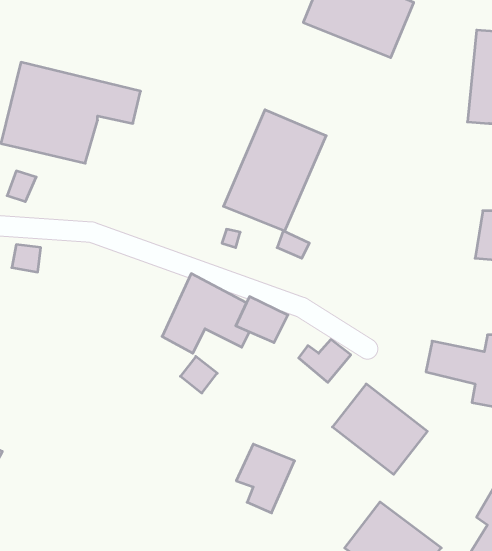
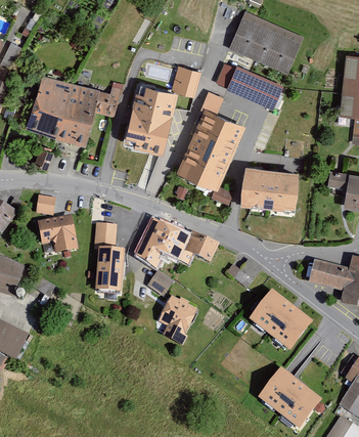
building: none -> [226,63,282,106]
building: none -> [123,65,200,150]
building: none -> [241,168,299,212]
building: none -> [37,215,77,253]
building: none -> [95,222,117,243]
building: none -> [95,248,124,292]
building: [236,444,295,513] -> [159,297,197,343]

